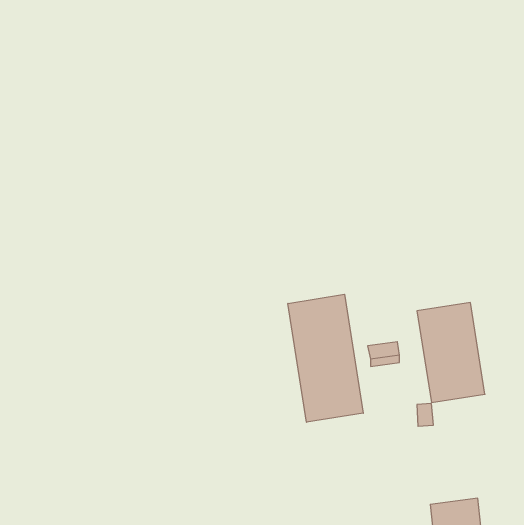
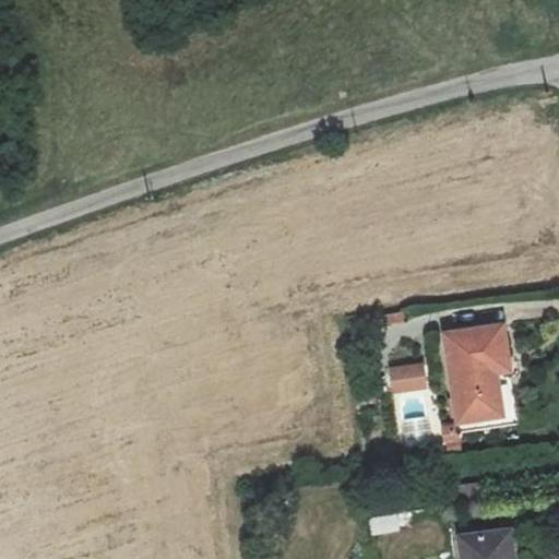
building: [288,294,363,422] -> none

